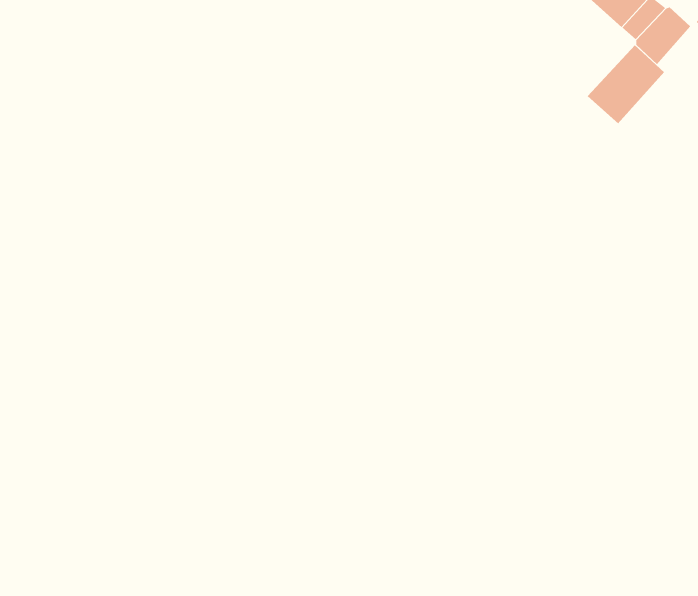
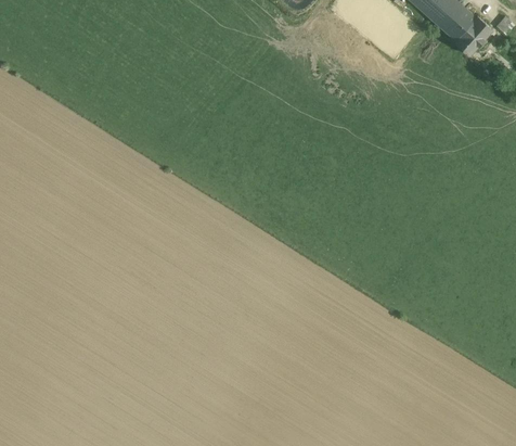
building: [587,44,665,124] -> none

